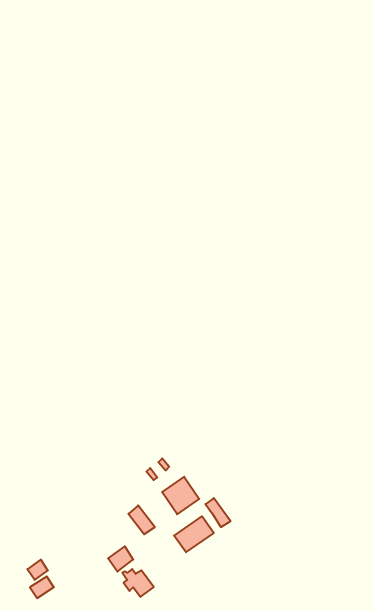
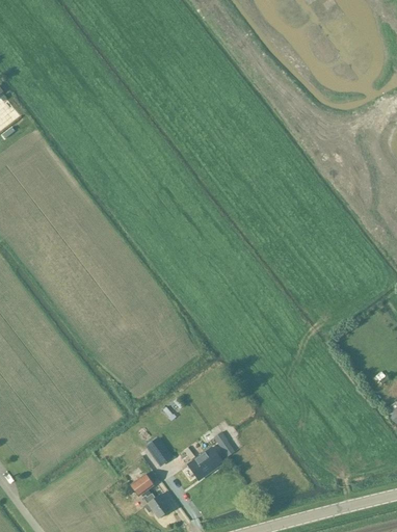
building: [162,477,199,514] -> none

